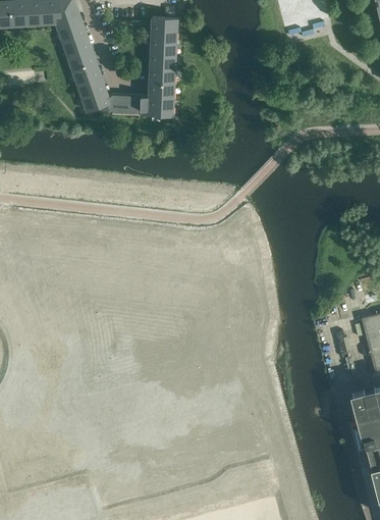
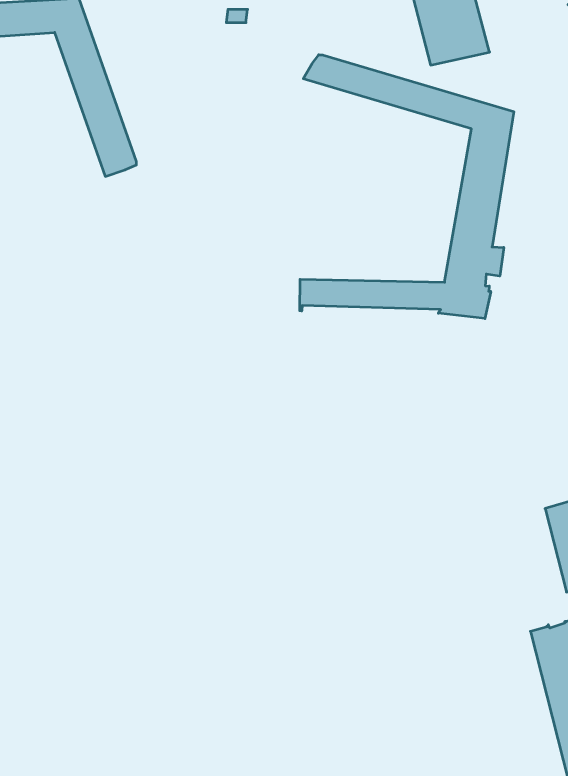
building: [100,17,177,115] -> none
building: none -> [300,55,514,319]

